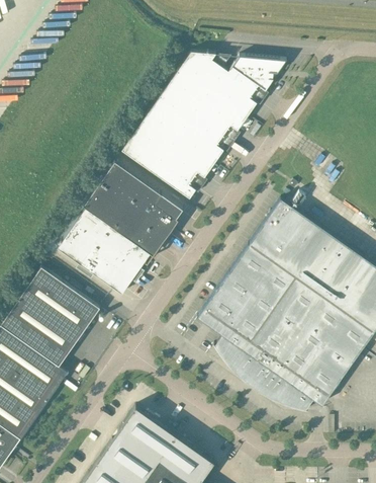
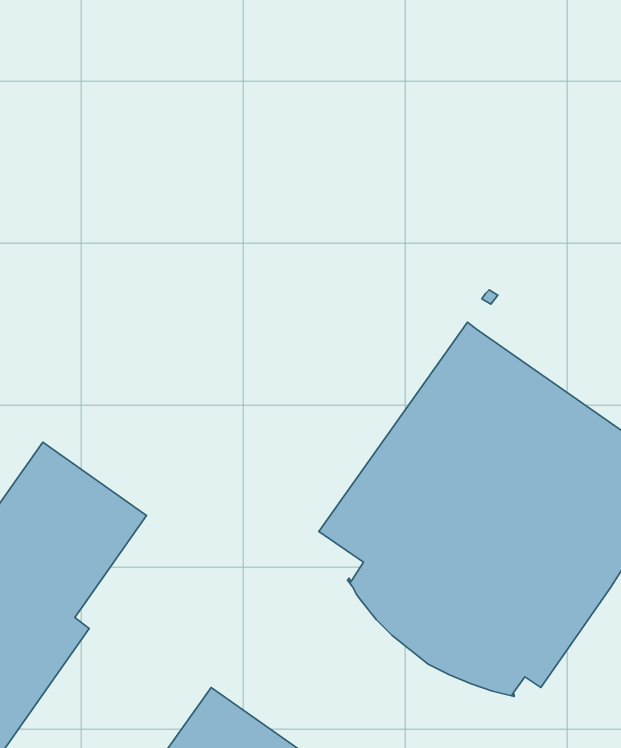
building: [122,52,287,198] -> none
building: [58,161,183,295] -> none

